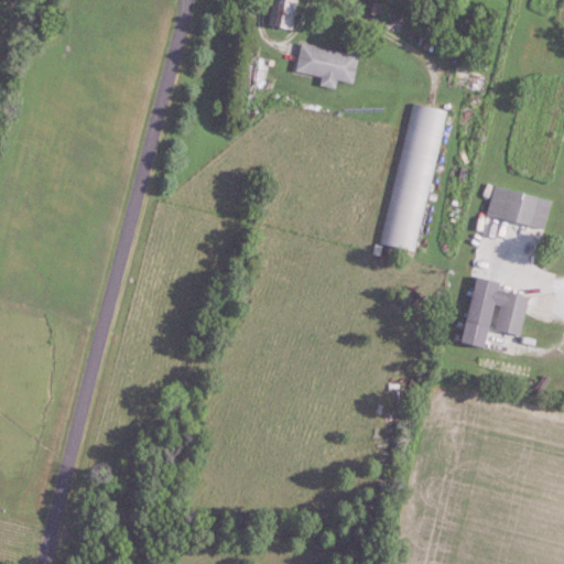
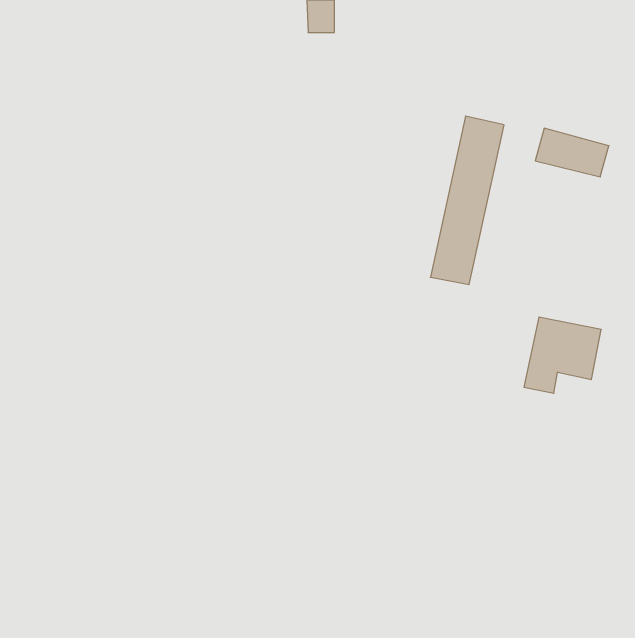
building: [296,45,359,88] -> none
building: [487,186,552,229] -> [535,128,609,177]

